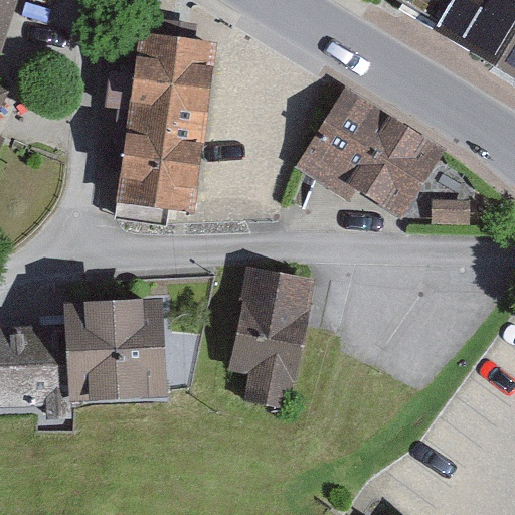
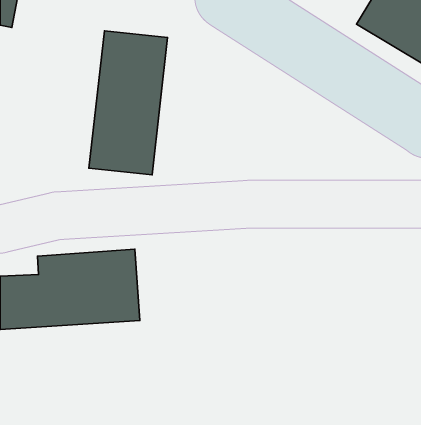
building: [302,97,439,214] -> none
building: [239,270,312,411] -> none

